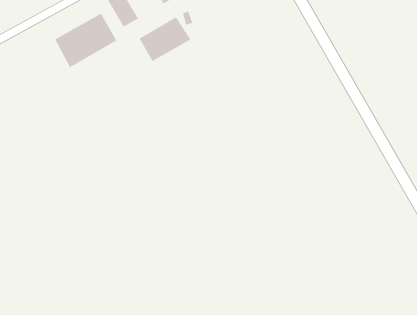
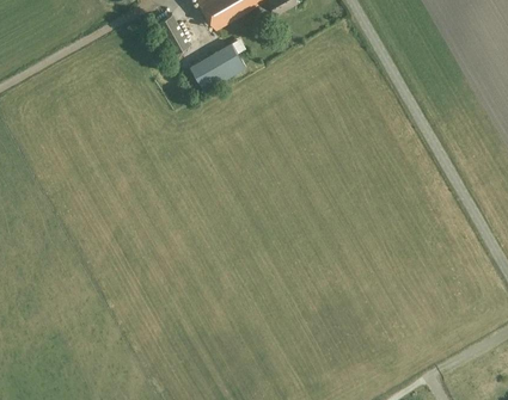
building: [54,13,117,68] -> none

